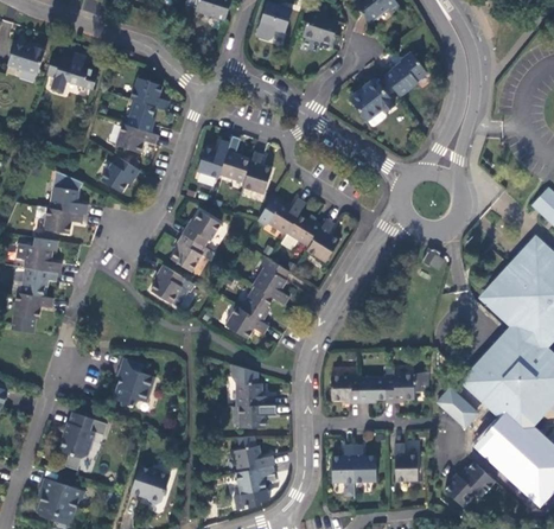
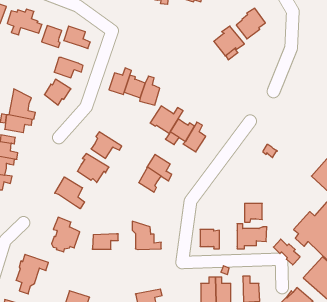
building: [126,100,155,132] -> [42,26,62,47]
building: [182,210,221,247] -> none
building: none -> [55,177,85,209]
building: [224,305,268,338] -> none
building: [358,377,384,404] -> [245,203,262,222]
building: [237,404,275,427] -> [92,234,118,249]
building: [231,444,274,471] -> none

